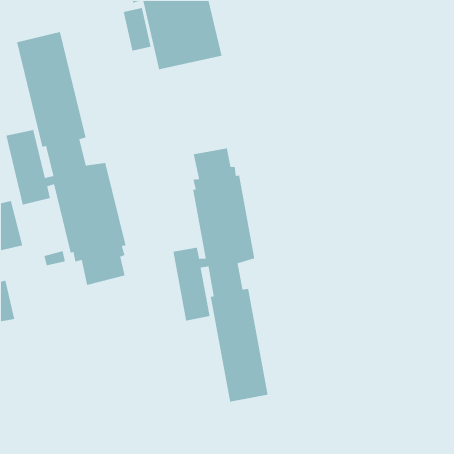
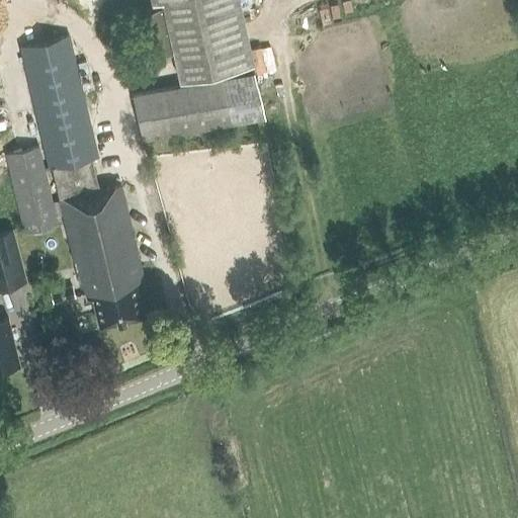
building: none -> [133,73,262,154]
building: [172,148,269,403] -> none

